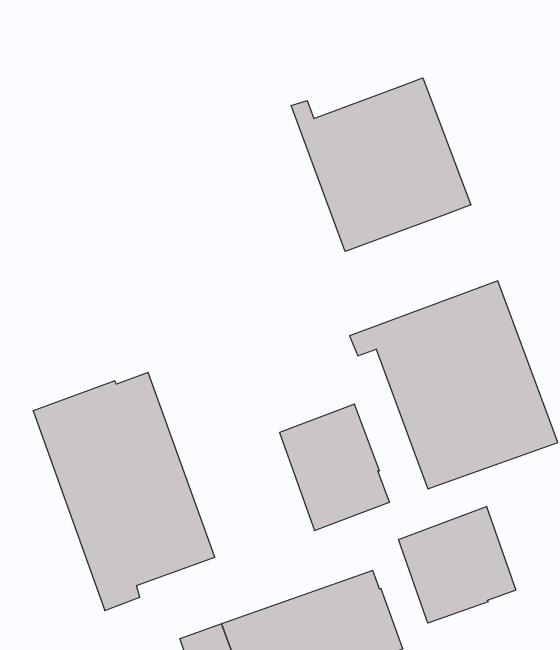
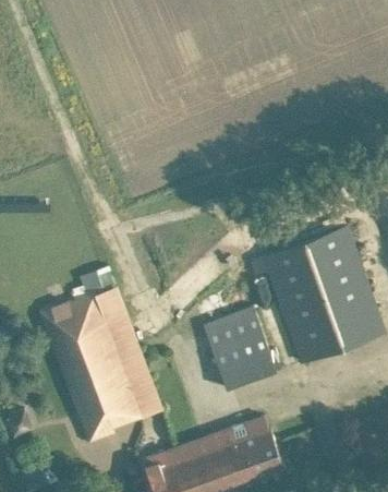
building: [291,78,471,251] -> none
building: [399,506,516,623] -> none

